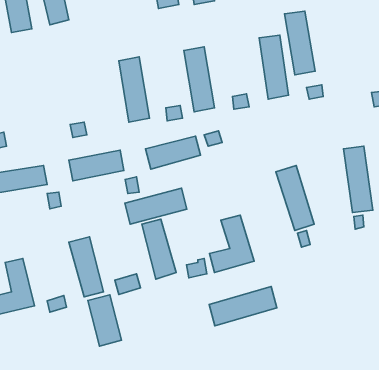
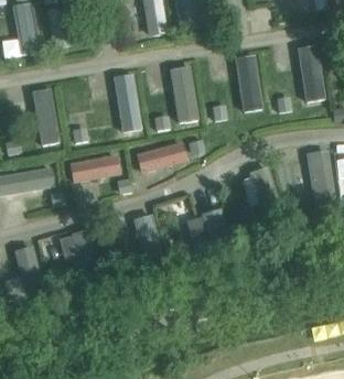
building: [285,11,315,75] -> [297,45,323,100]
building: none -> [32,88,58,143]
building: [125,188,187,224] -> none
building: [209,287,277,326] -> none
building: [88,295,122,346] -> none

